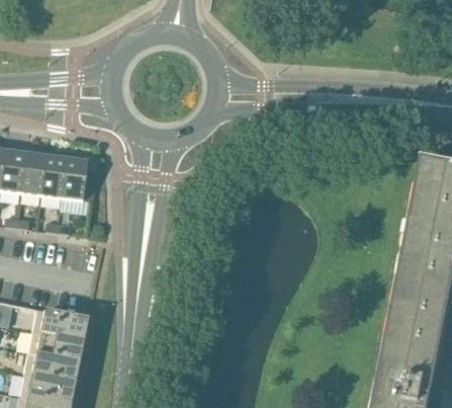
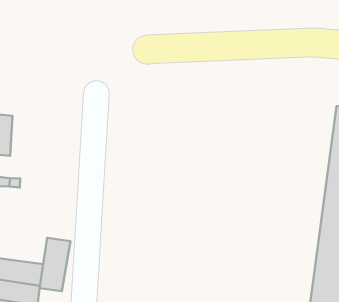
building: [62,154,97,200] -> none
building: none -> [40,238,70,291]

